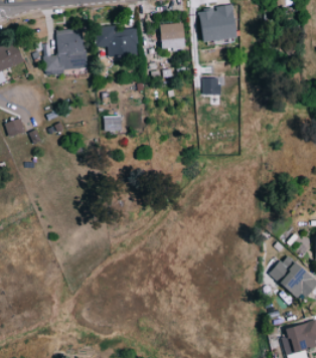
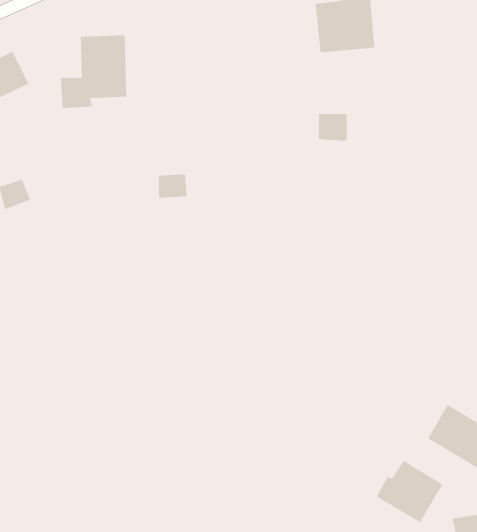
building: [161,22,186,47] -> none
building: [96,26,139,57] -> none
building: none -> [376,460,443,523]

